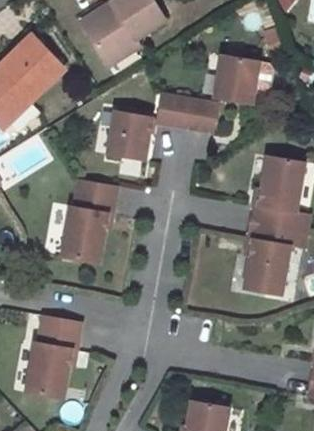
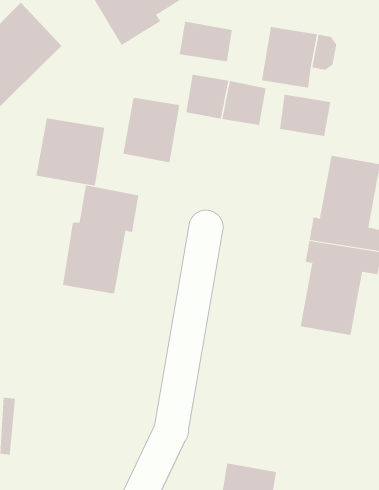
building: none -> [179,21,232,62]
building: none -> [279,94,331,137]
building: none -> [36,117,105,186]
building: [25,314,80,396] -> none

